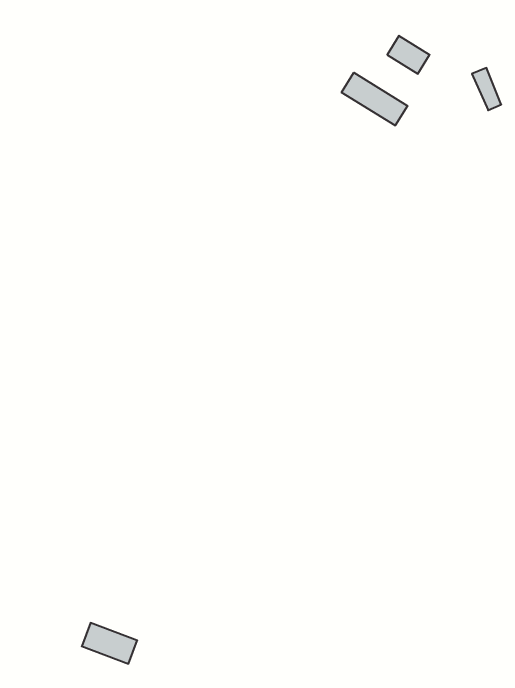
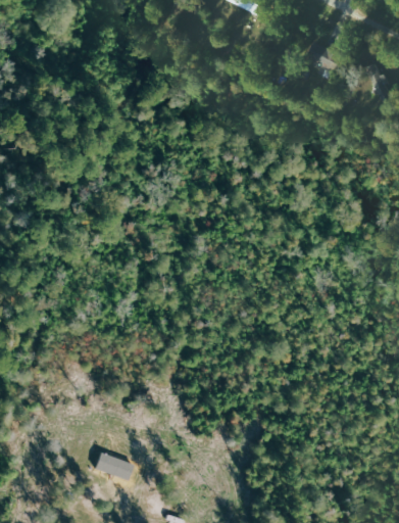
building: [342,73,407,126] -> none

